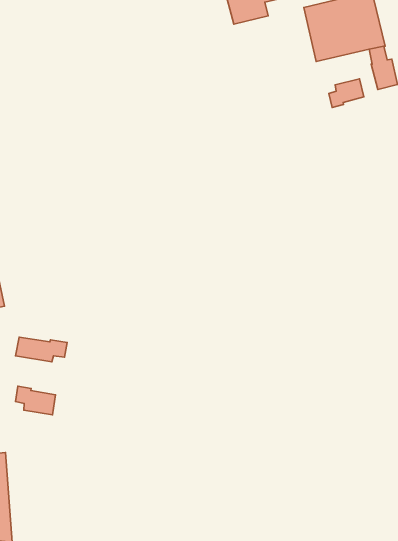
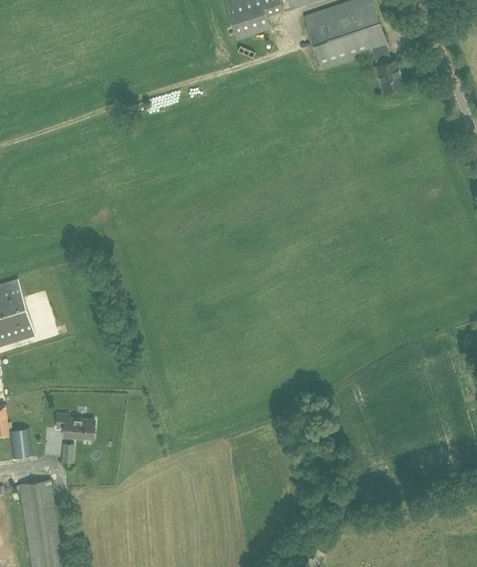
building: [329,79,364,108] -> none
building: [15,337,67,362] -> none

